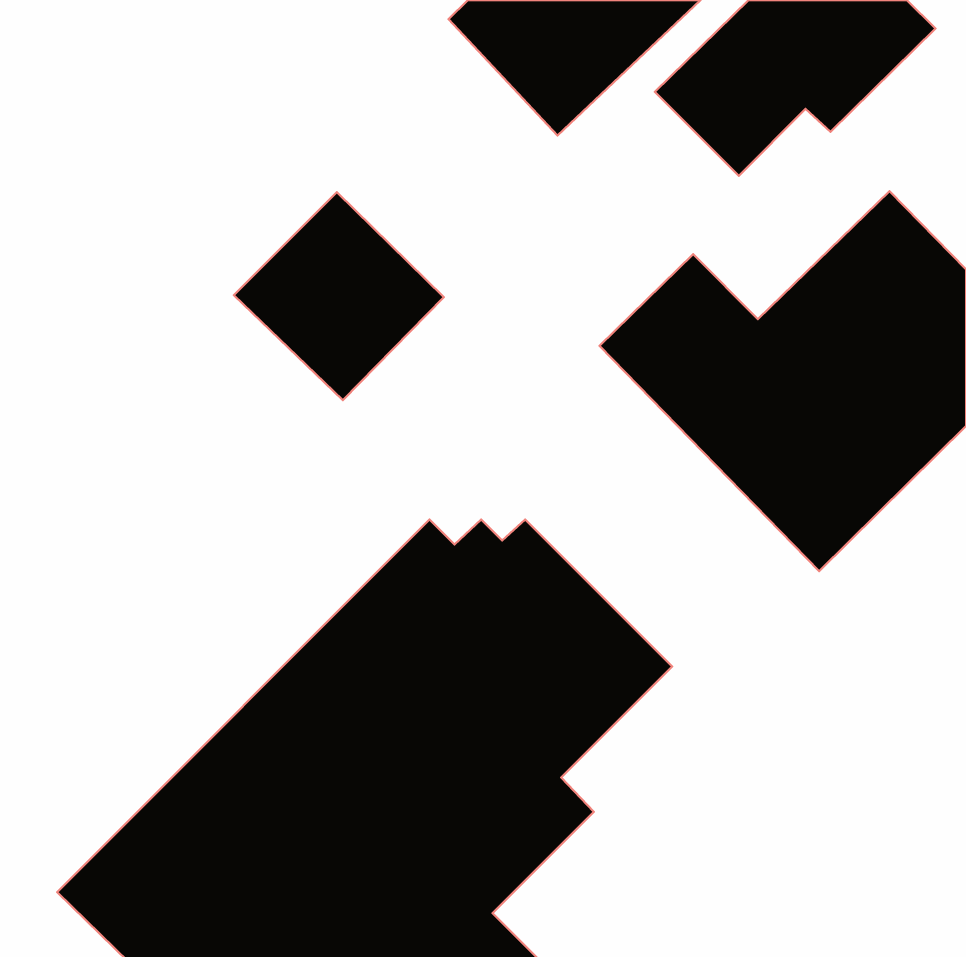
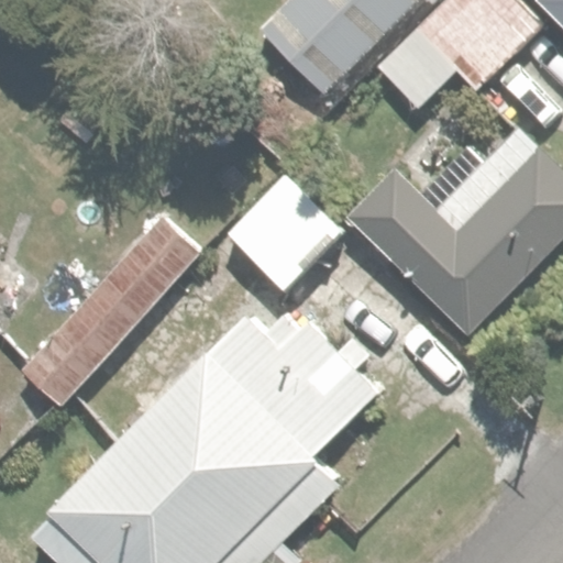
building: [234,192,444,400] -> [221,174,342,294]
building: none -> [13,216,208,412]

